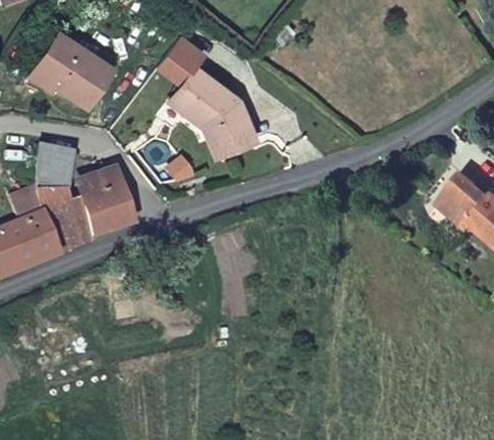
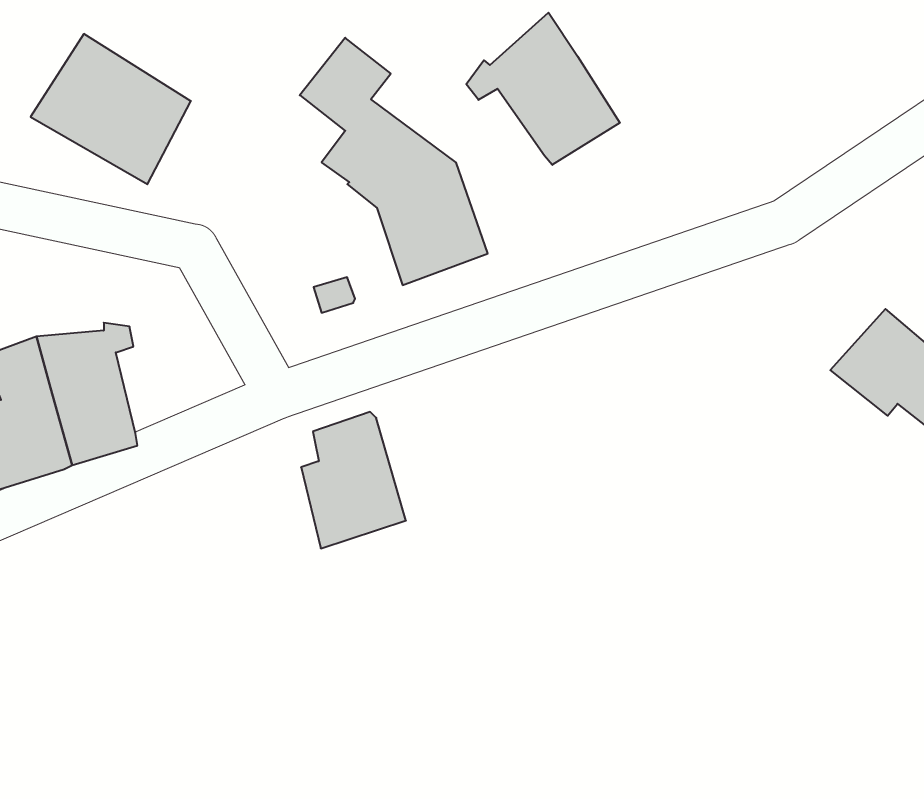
building: none -> [466,13,620,165]
building: [31,142,68,189] -> none
building: [71,169,125,239] -> [301,412,406,548]

